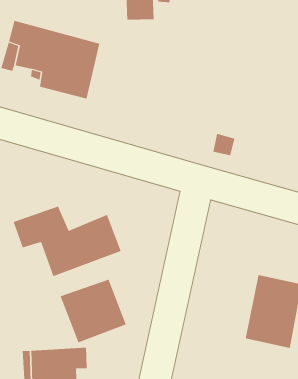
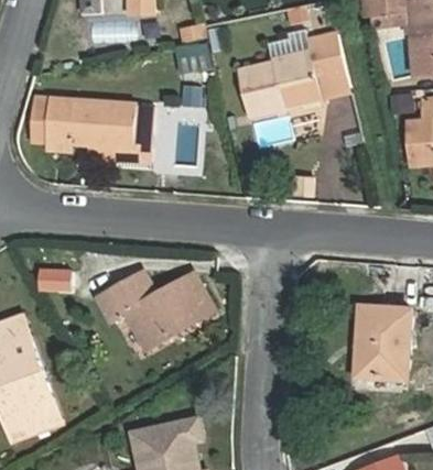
building: none -> [235,37,349,118]
building: [60,279,127,343] -> none

